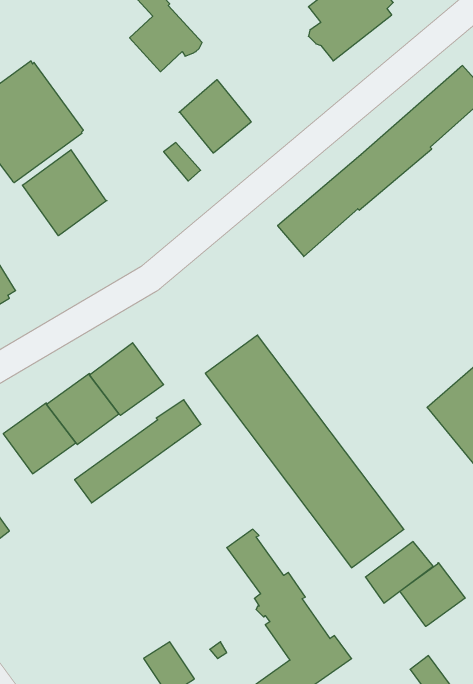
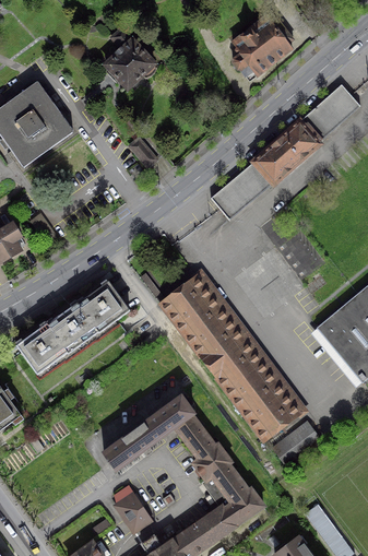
building: [179,80,251,153] -> none
building: [22,150,107,236] -> none
building: [75,400,201,503] -> [104,395,193,469]
building: [400,563,465,626] -> none

